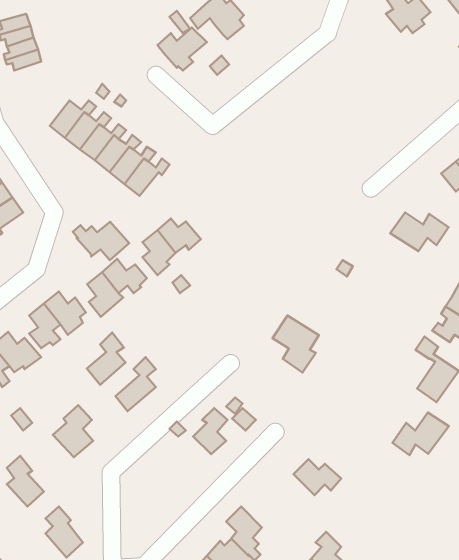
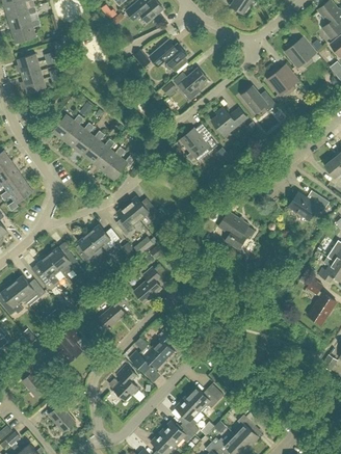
building: [157,27,207,71] -> [173,69,207,99]
building: none -> [267,66,298,96]
building: none -> [240,86,276,114]
building: none -> [210,107,246,135]
building: none -> [179,127,216,164]
building: [73,222,129,260] -> none
building: [273,316,319,372] -> [216,211,248,250]
building: [87,333,125,385] -> [133,267,160,303]
building: [392,412,449,455] -> none
building: none -> [128,348,163,372]
building: [294,459,341,495] -> [184,386,217,411]
building: none -> [108,366,137,401]

